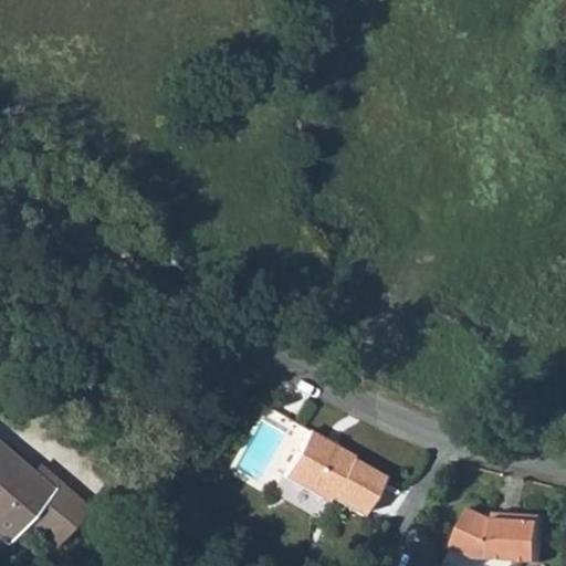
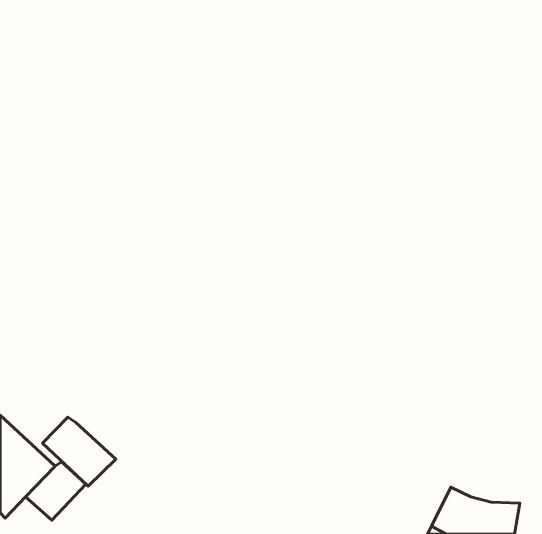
building: [282,431,382,518] -> none
building: none -> [42,417,116,486]

